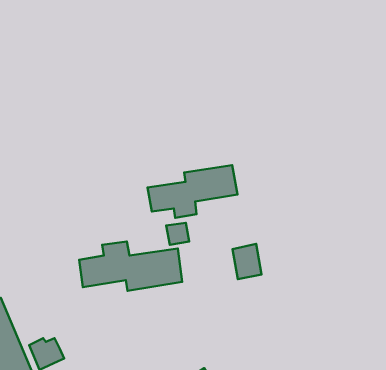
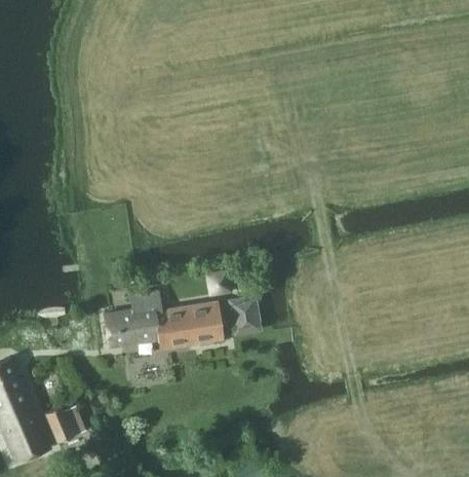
building: [148,165,237,218] -> none
building: [232,244,262,279] -> [228,294,262,335]

